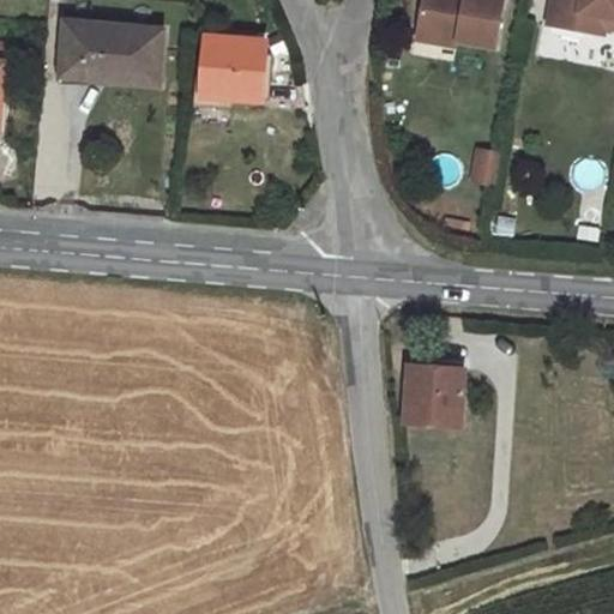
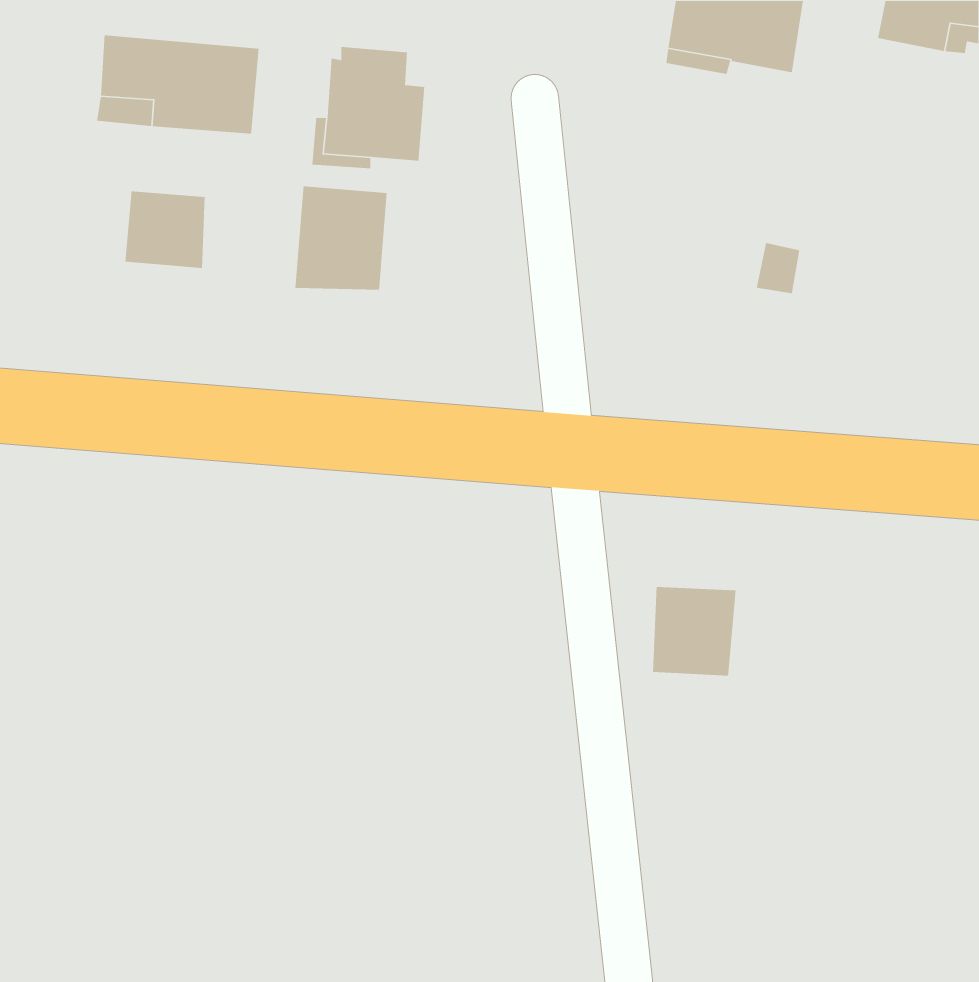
building: none -> [295,185,388,291]
building: none -> [124,190,206,269]

